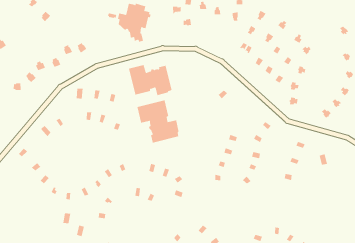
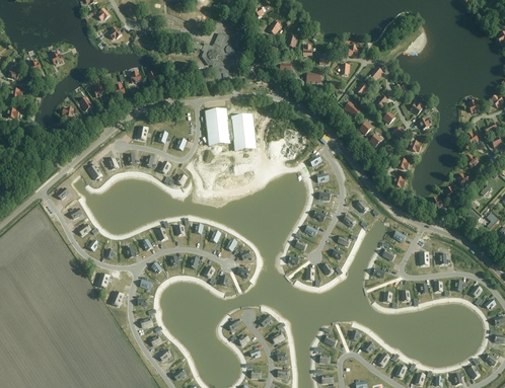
building: [137,99,179,143] -> none

